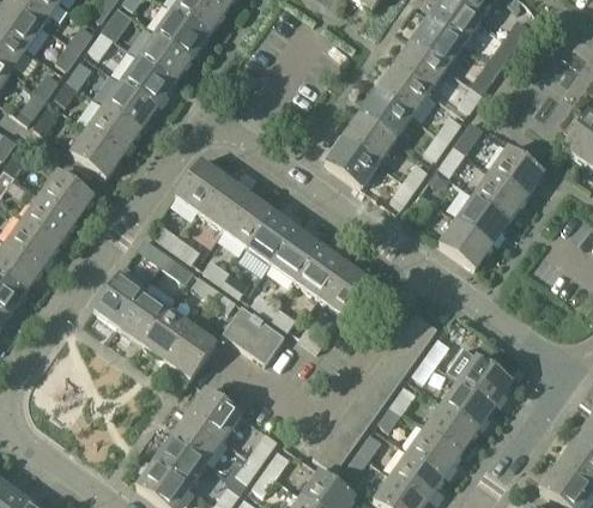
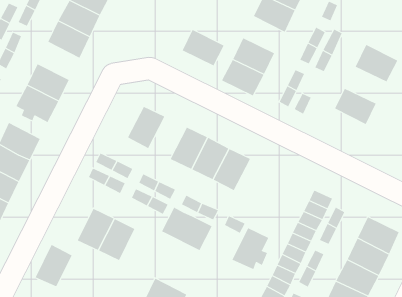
building: [104,79,157,129] -> none
building: [359,89,412,138] -> [182,29,224,66]
building: [175,158,225,211] -> none
building: [473,170,526,219] -> none
building: [223,193,273,246] -> none
building: [438,217,492,267] -> none
building: [319,261,369,314] -> [231,227,269,270]
building: [93,272,144,326] -> [35,244,73,288]
building: [165,323,216,377] -> none

